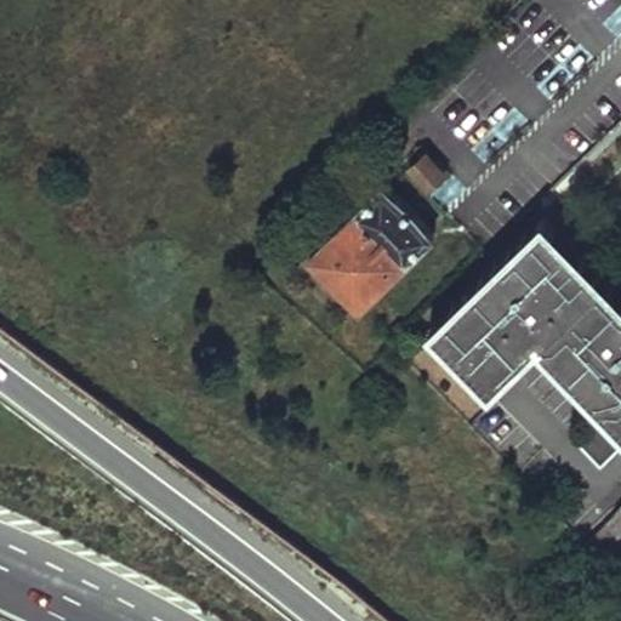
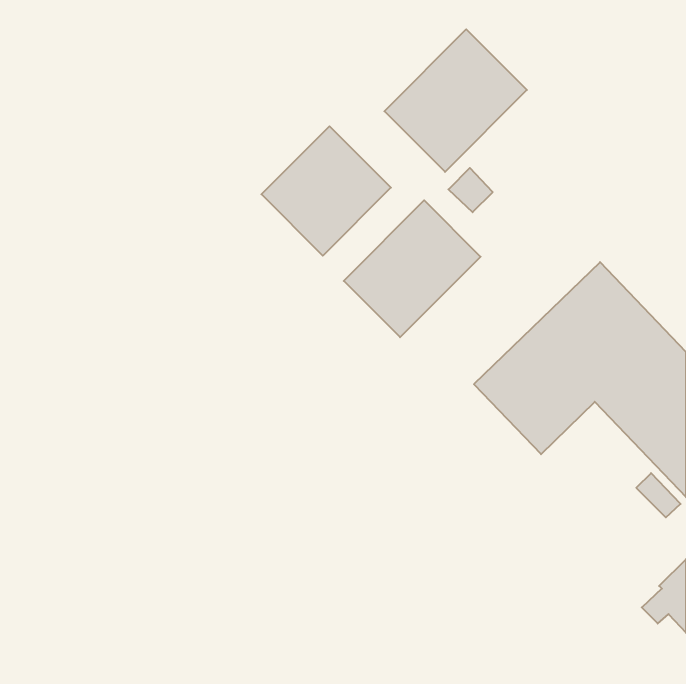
building: none -> [384,29,527,172]
building: none -> [261,126,391,256]

